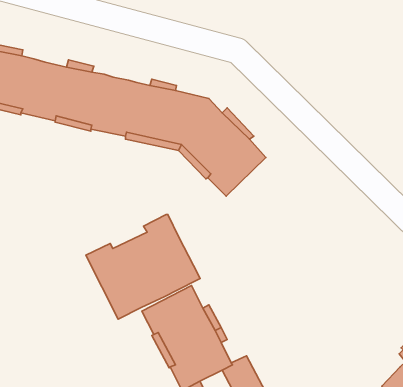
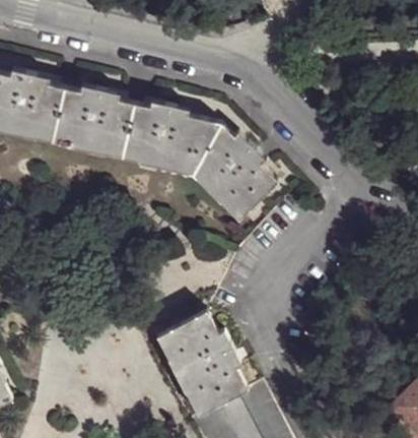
building: [86,214,200,319] -> none

